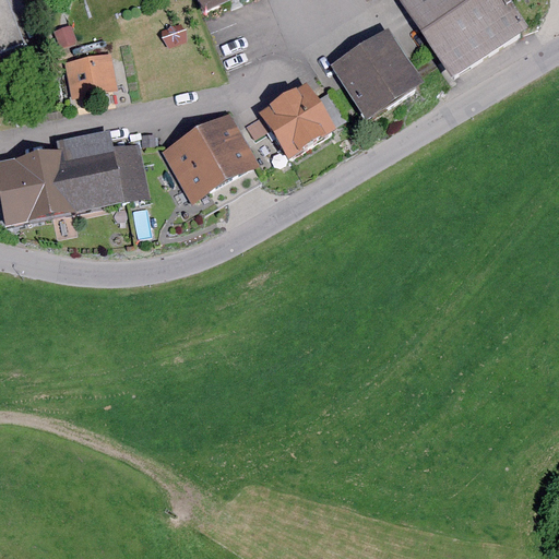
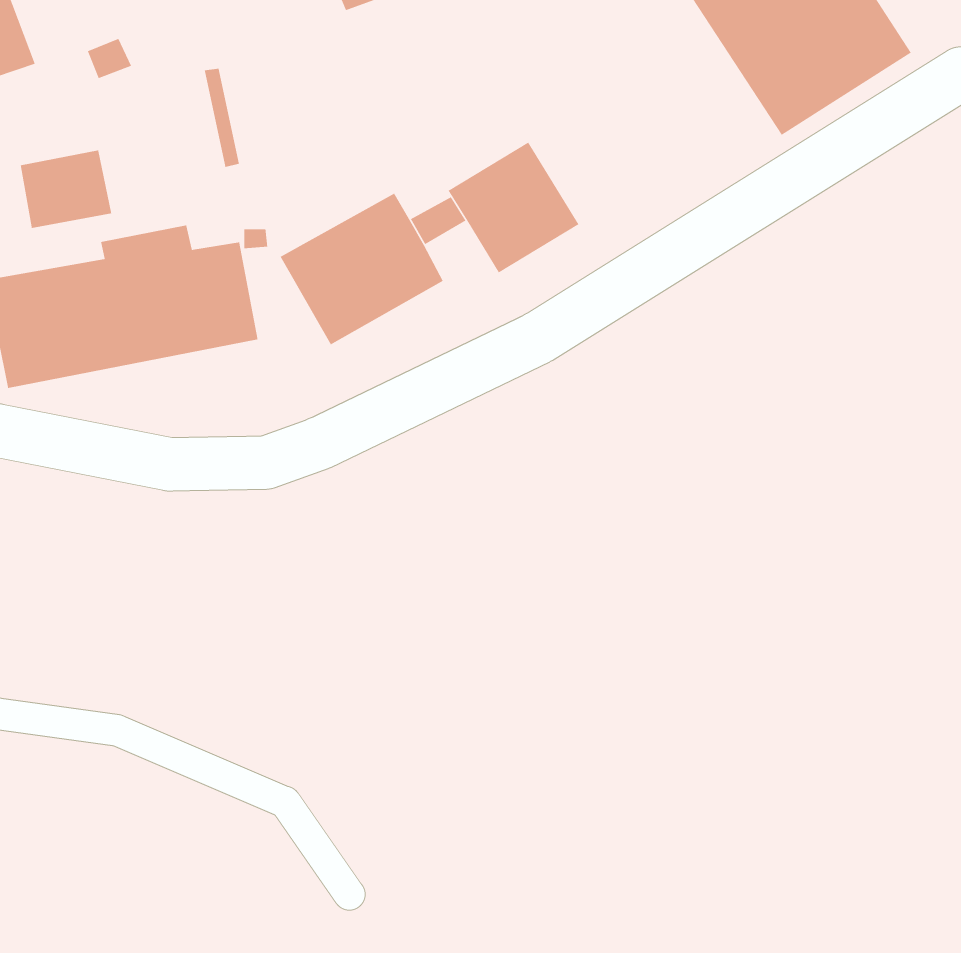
building: [330,28,421,121] -> none
building: [63,50,117,96] -> [20,150,112,229]

